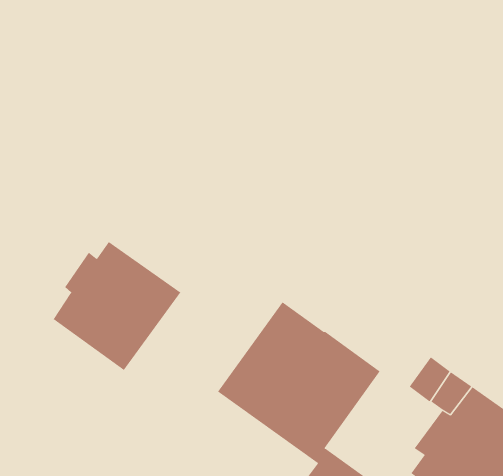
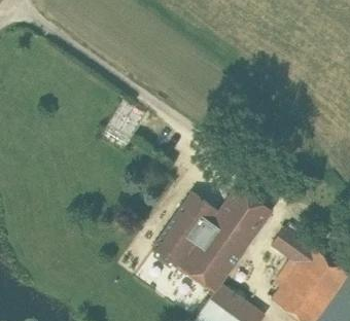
building: [53,241,181,371] -> none
building: none -> [219,185,273,236]

